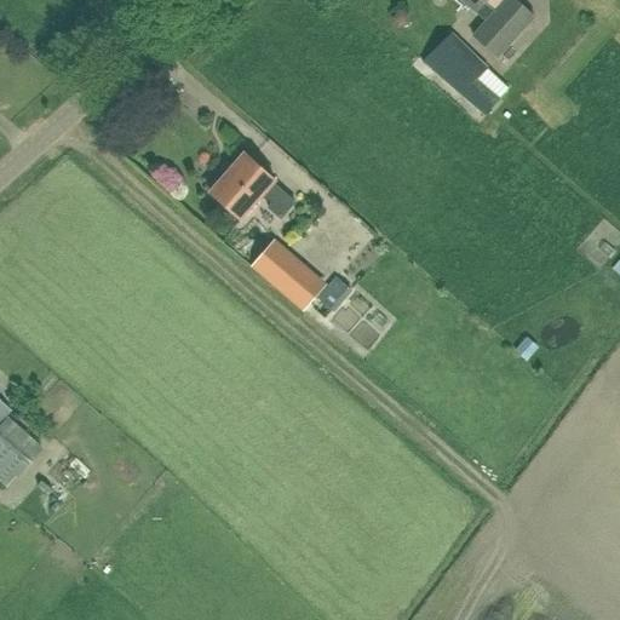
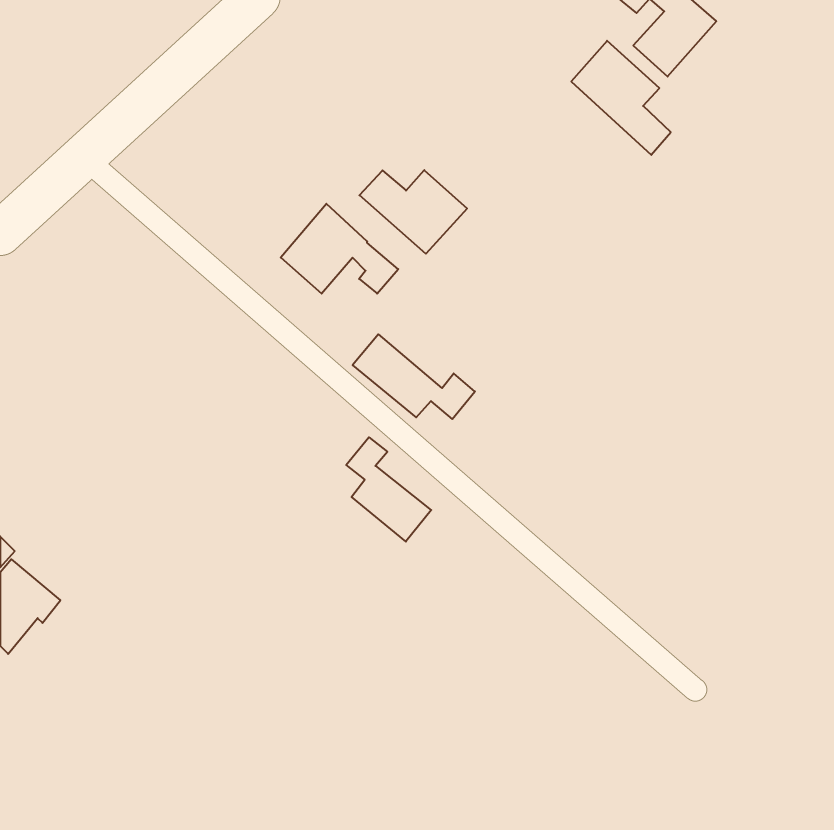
building: none -> [359,170,467,254]
building: none -> [346,437,431,542]

